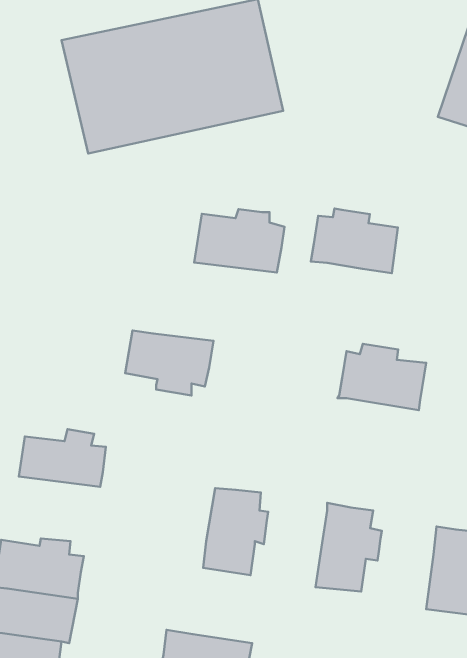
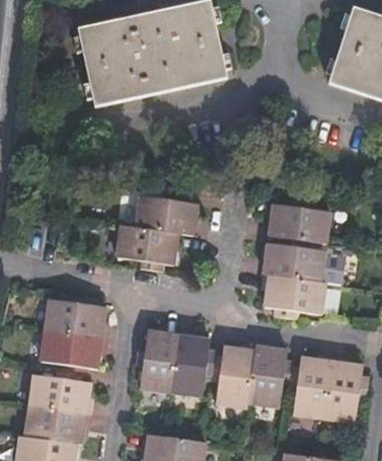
building: [311,208,398,273] -> [270,200,329,244]
building: [194,209,284,273] -> [137,194,199,237]
building: none -> [265,275,327,320]
building: none -> [40,328,100,373]
building: none -> [136,332,179,391]
building: none -> [212,348,256,408]
building: none -> [290,358,331,419]

